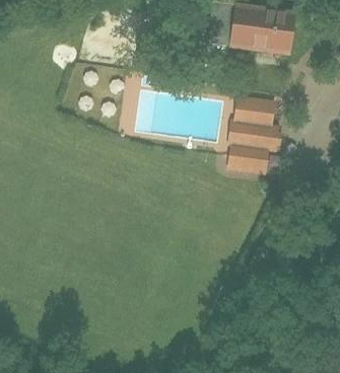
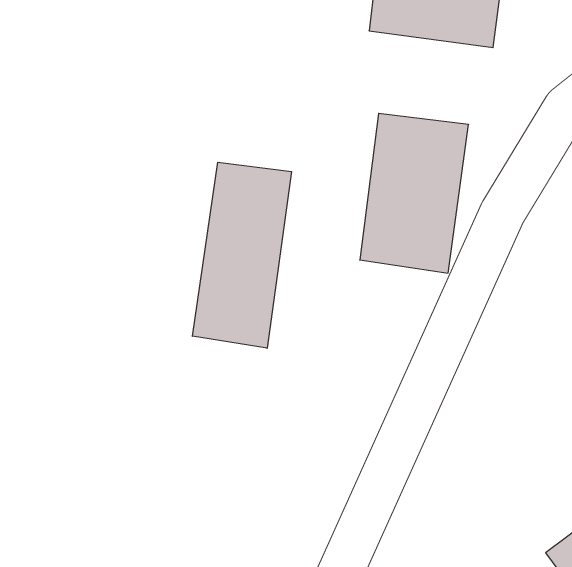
building: none -> [192,162,292,348]

